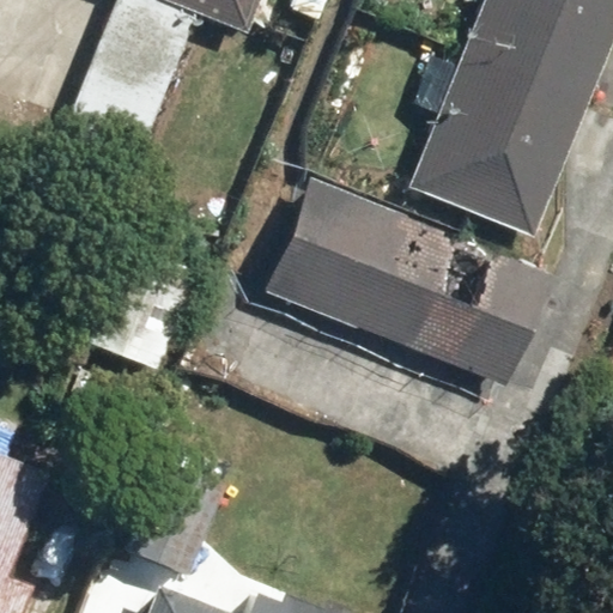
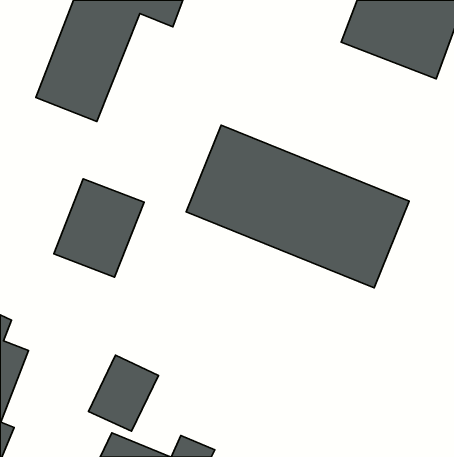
building: [411,56,588,236] -> none

